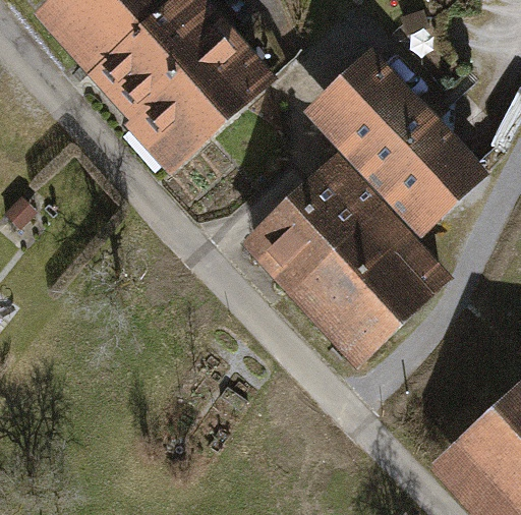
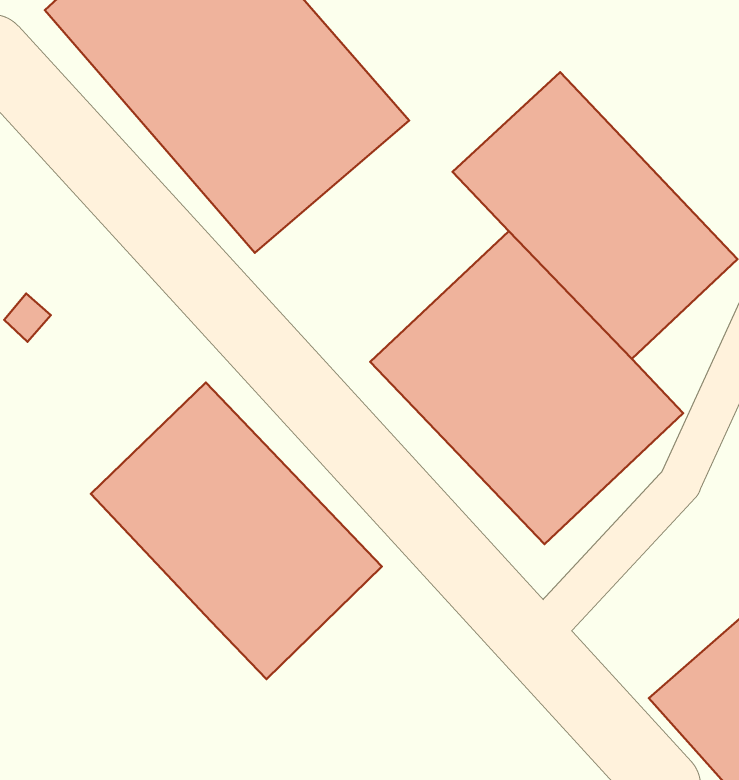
building: none -> [91,383,382,679]

